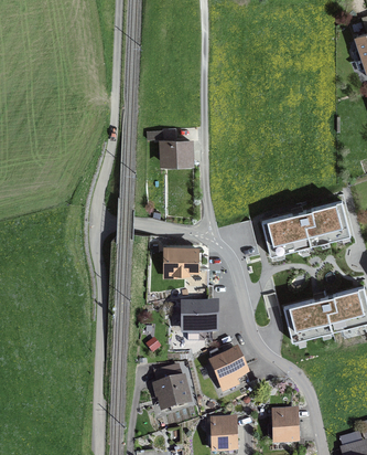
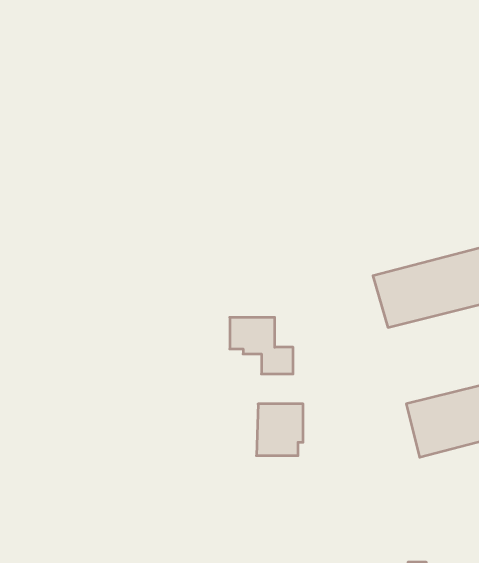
building: [161,139,191,162] -> none
building: [211,350,249,394] -> none
building: [154,364,186,405] -> none

